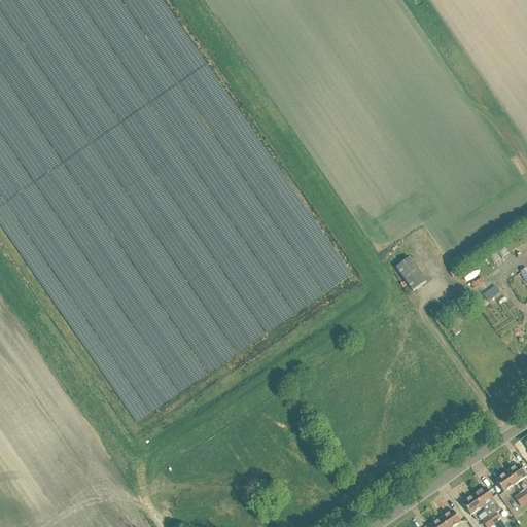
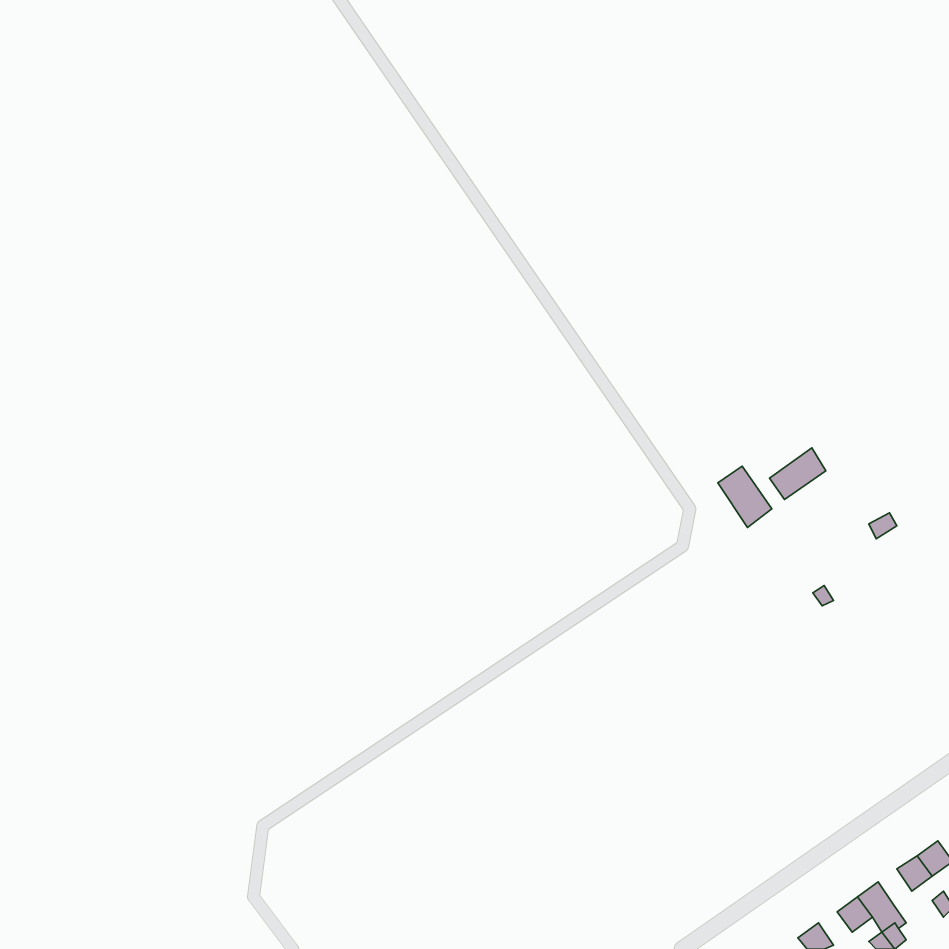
building: none -> [769,448,826,500]

